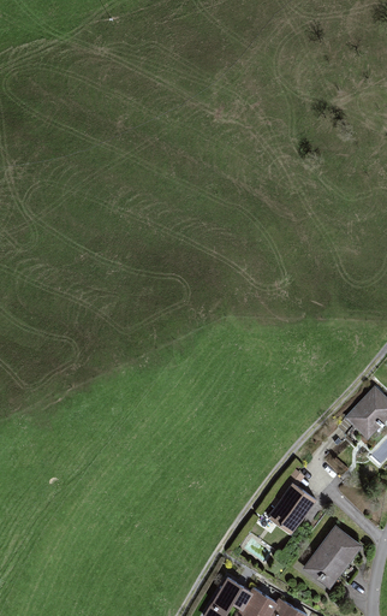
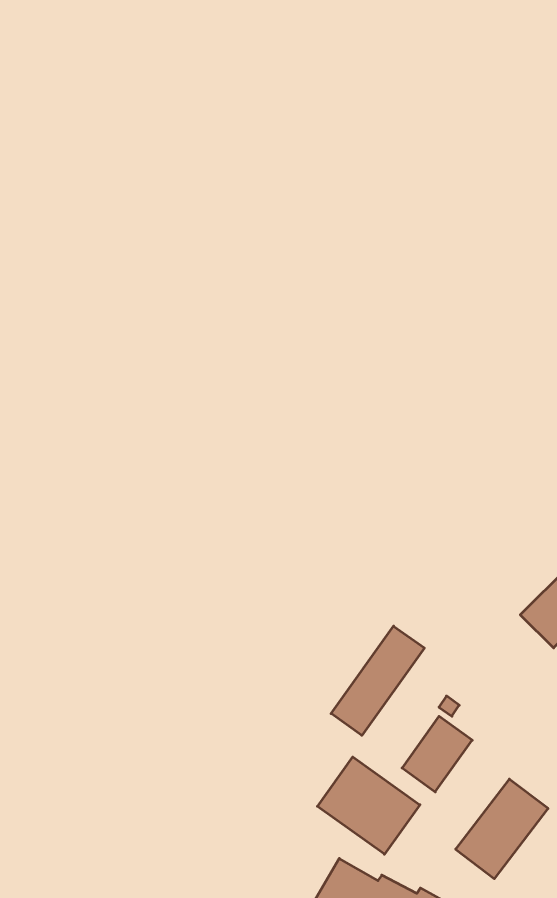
building: none -> [331,626,424,735]
building: none -> [317,757,420,854]

